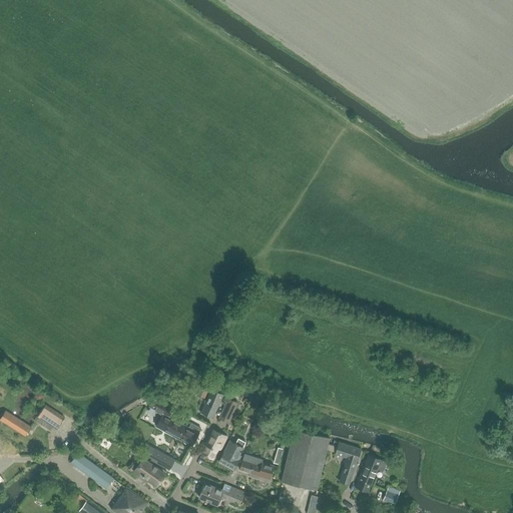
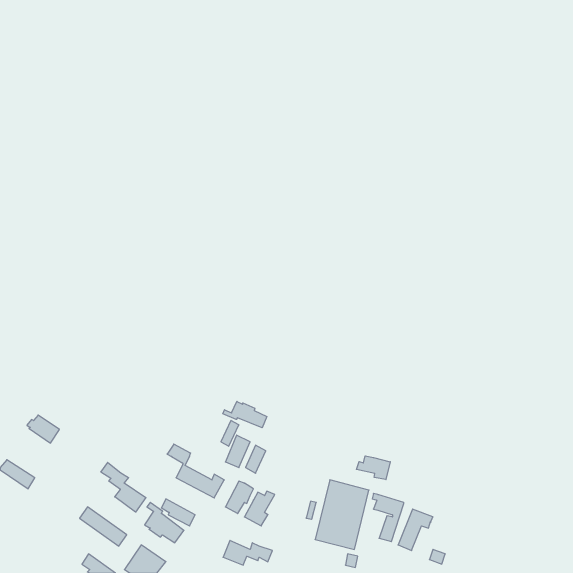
building: none -> [223,401,267,428]
building: [35,405,64,430] -> [27,415,59,443]
building: none -> [356,456,390,480]
building: none -> [101,462,146,512]
building: [239,454,275,482] -> none

